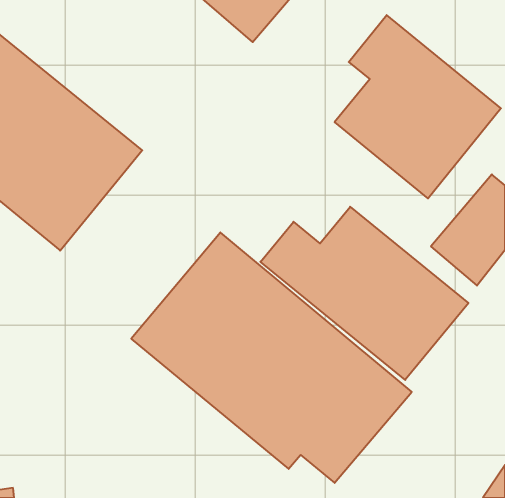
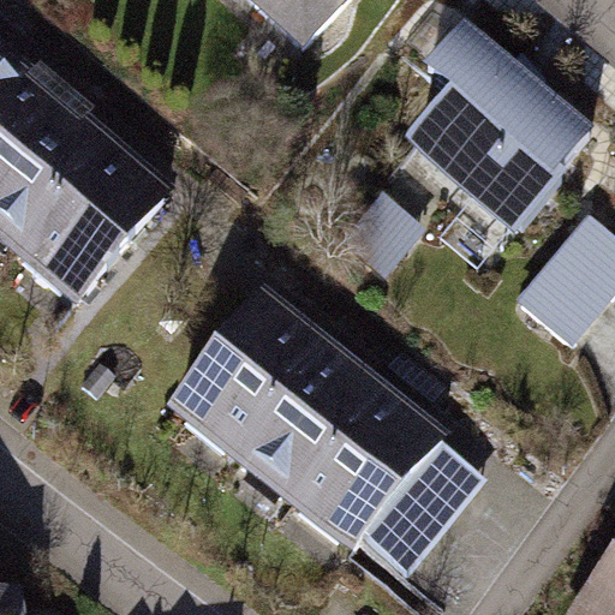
building: [260,207,468,380] -> none

